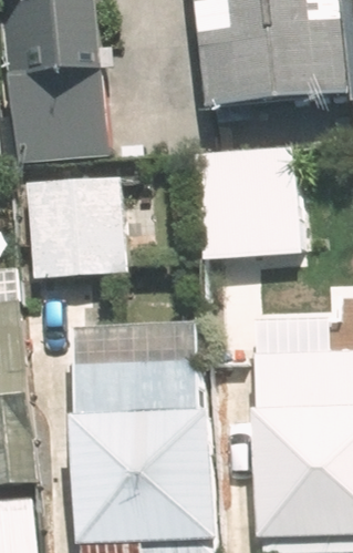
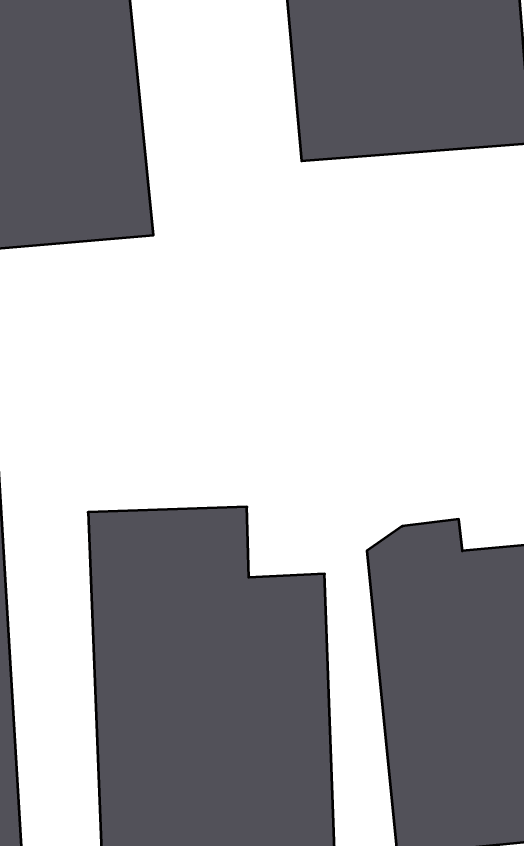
building: [188,143,302,264] -> none
building: [27,181,118,275] -> none

